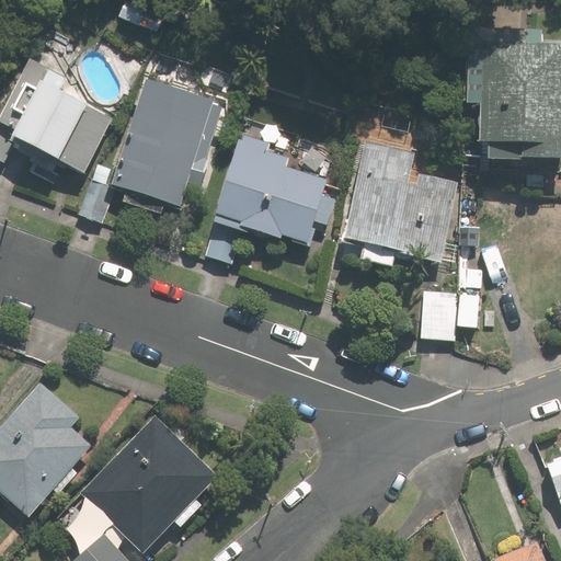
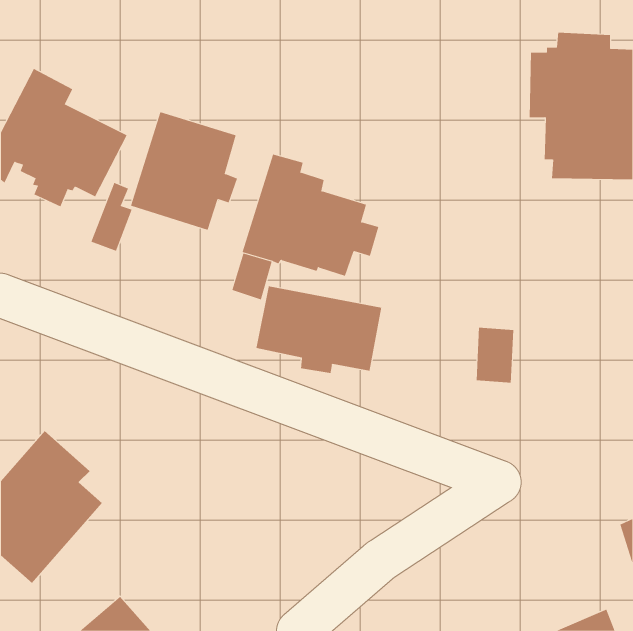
building: [345,142,457,259] -> none
building: none -> [256,285,382,374]
building: [80,414,216,551] -> none

